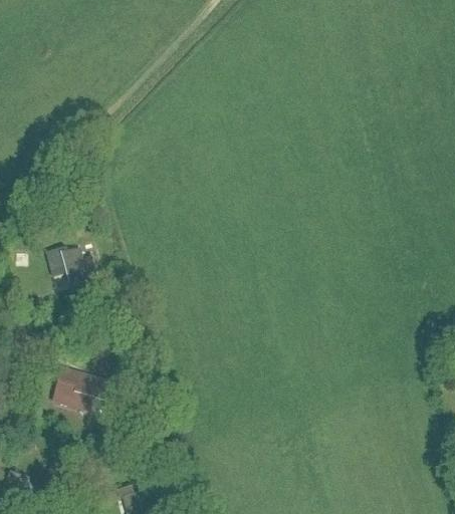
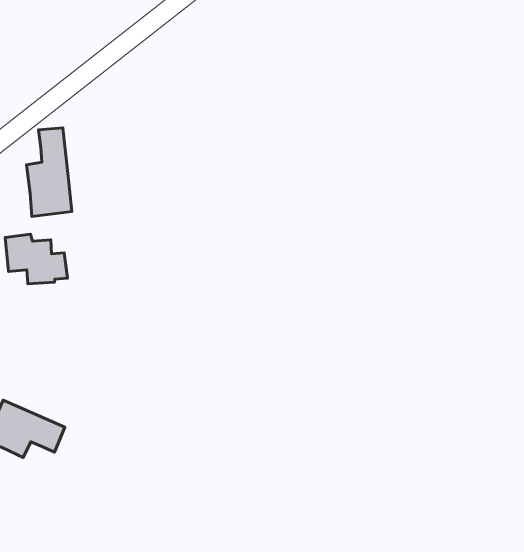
building: none -> [27,128,72,217]

